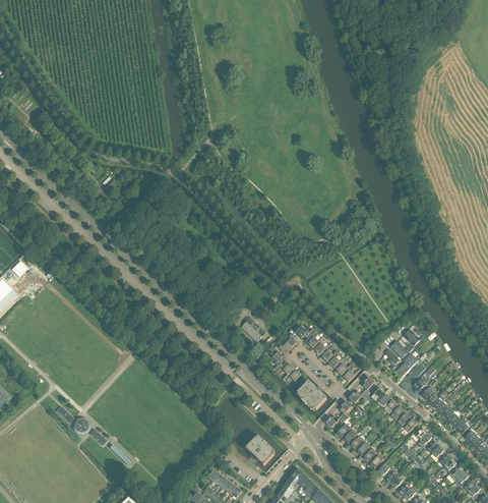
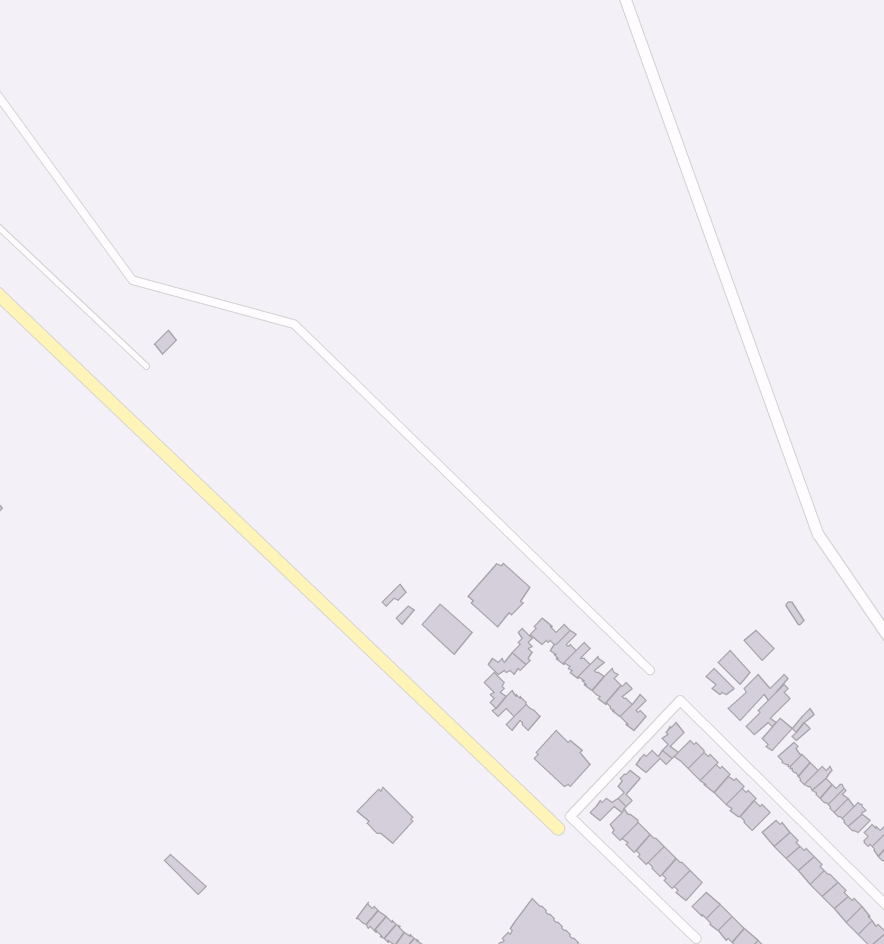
building: none -> [468,563,530,627]
building: [245,436,273,464] -> [357,787,413,843]

